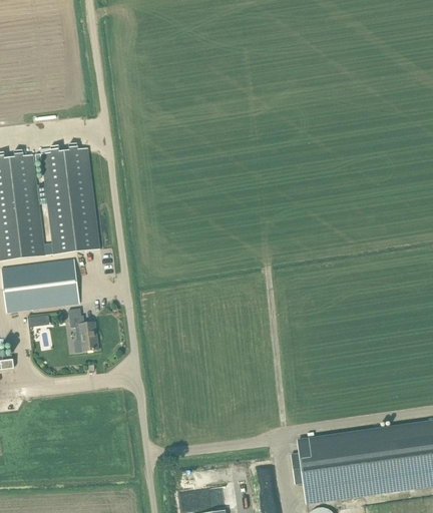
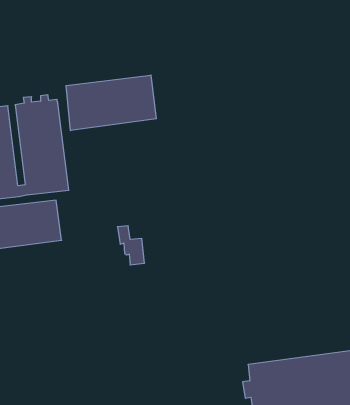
building: none -> [66,75,156,131]
building: [67,308,97,351] -> [117,226,145,265]

